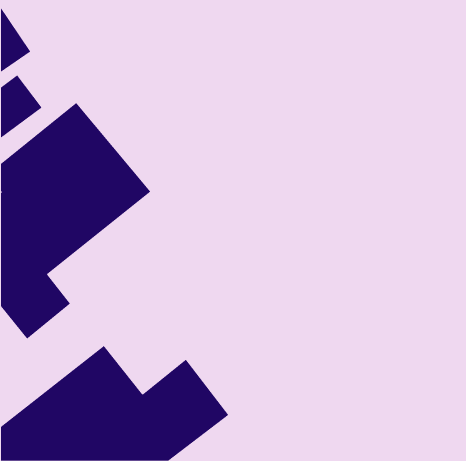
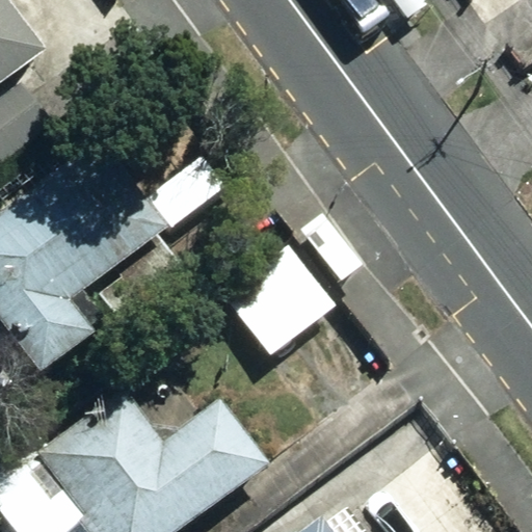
building: none -> [218,241,336,357]

